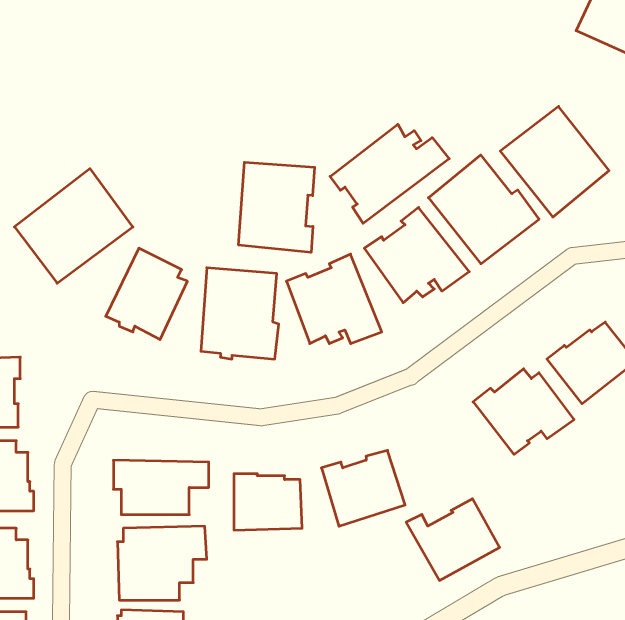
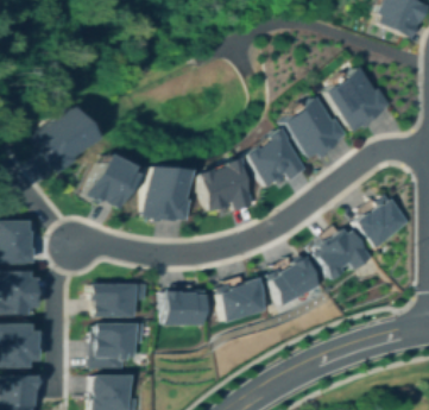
building: [330,124,449,223] -> none
building: [239,162,315,252] -> none
building: [406,499,500,580] -> [264,256,321,305]

